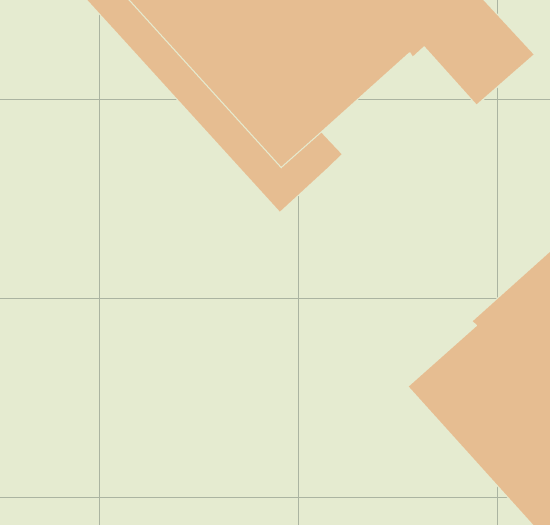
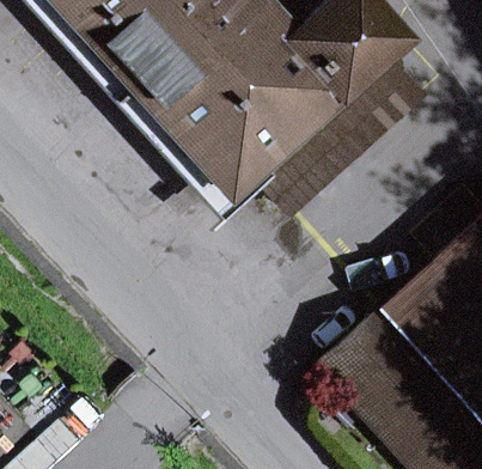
building: none -> [268,84,389,212]

